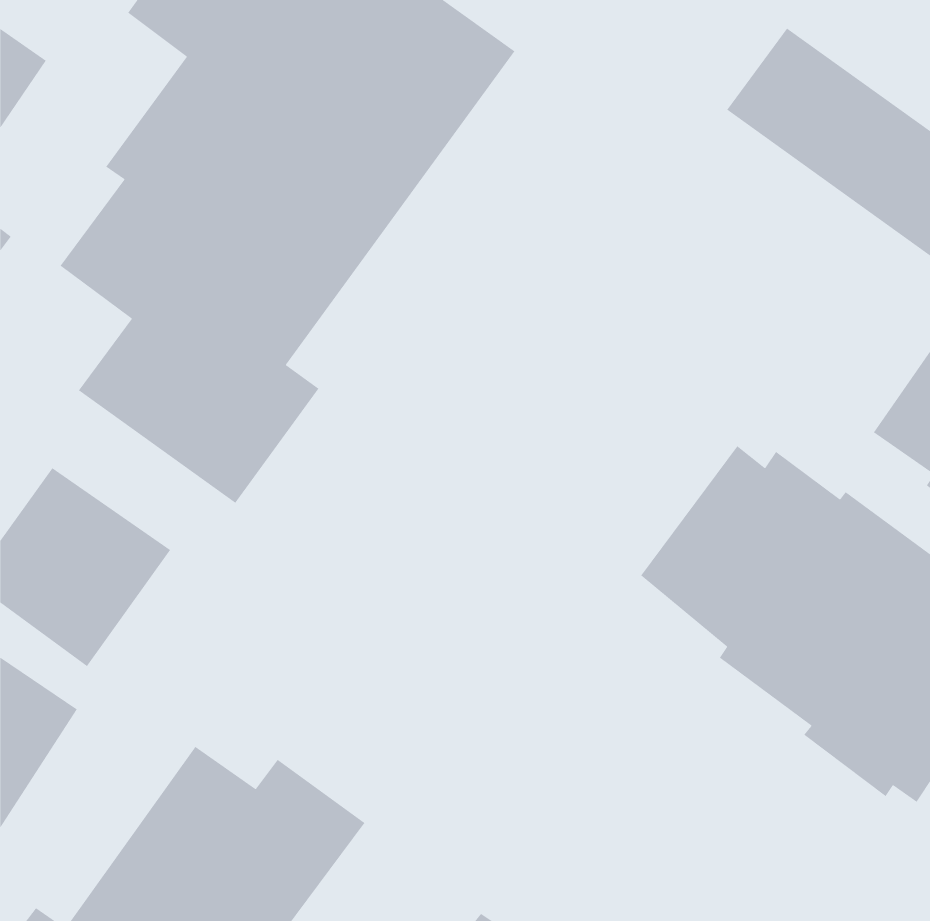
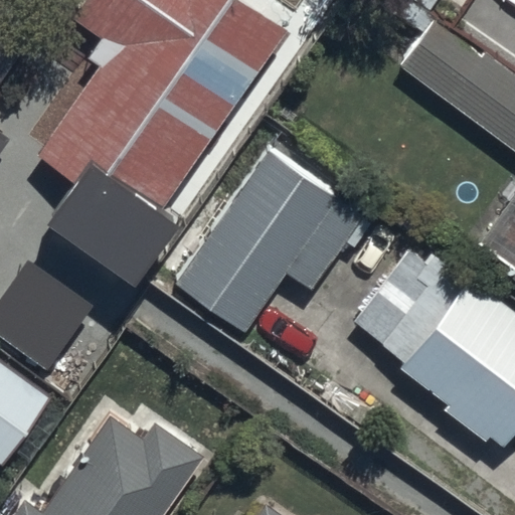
building: none -> [175,151,373,333]

